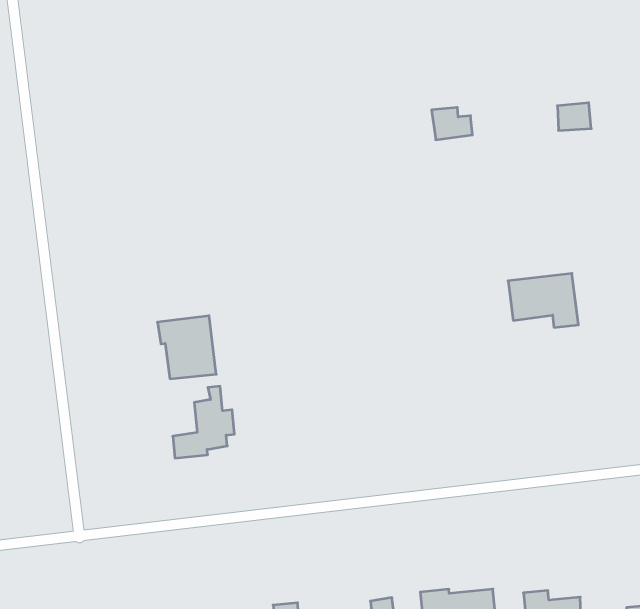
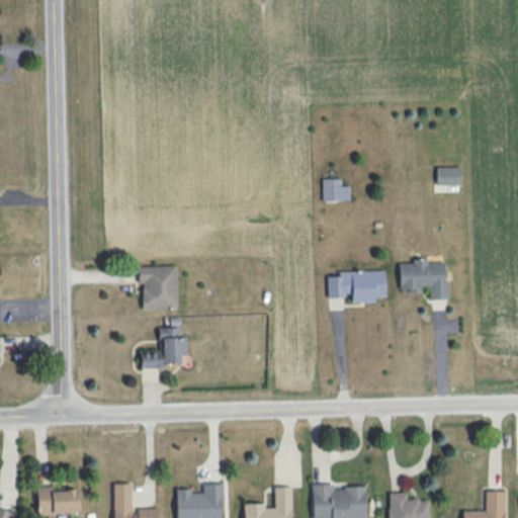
building: [557,103,591,130] -> [437,167,461,186]
building: [432,107,472,140] -> [323,179,351,201]
building: none -> [328,270,386,304]

